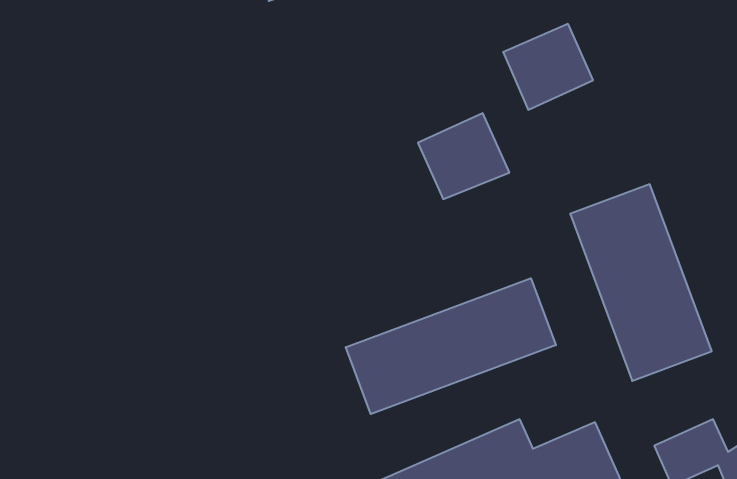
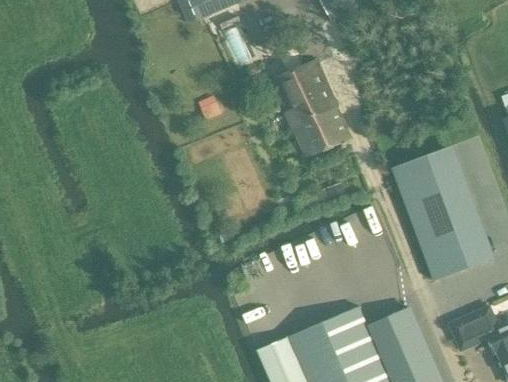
building: [503,24,593,110] -> [273,61,334,119]
building: [346,278,556,414] -> none

